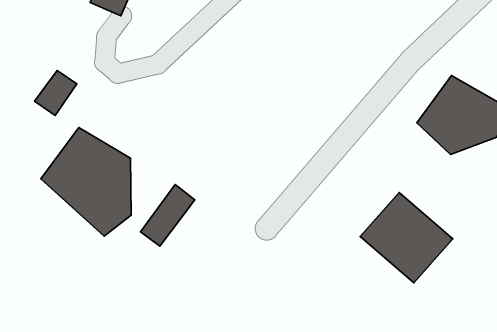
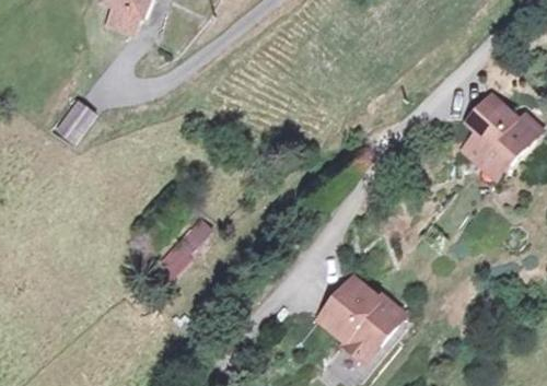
building: [41,127,131,236] -> none
building: [360,192,453,283] -> [314,269,412,365]

